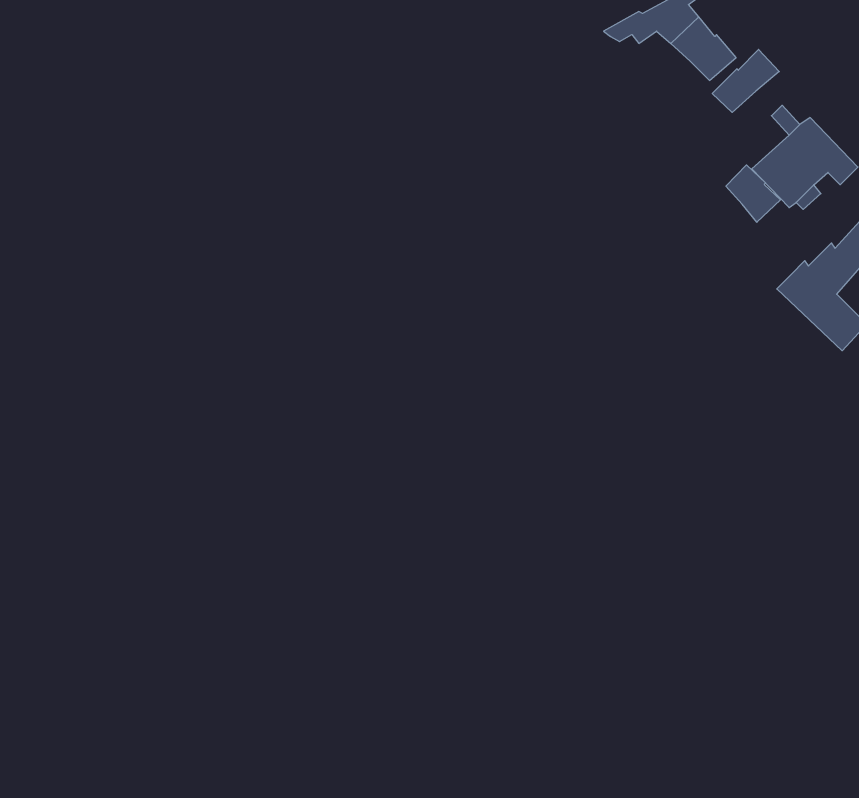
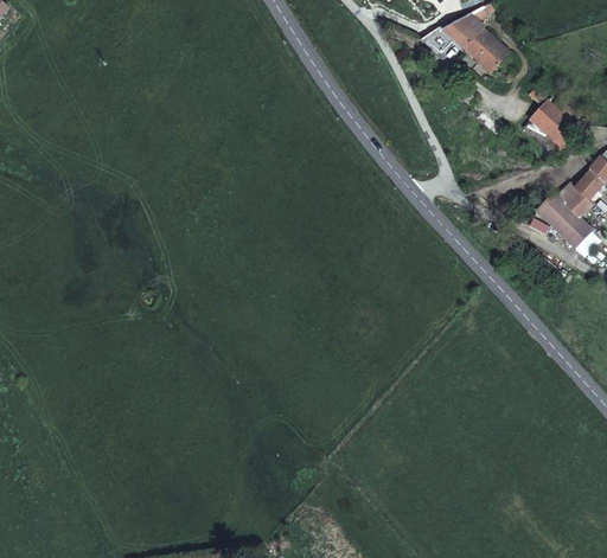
building: [712,49,779,112] -> none
building: [726,165,781,222] -> none

